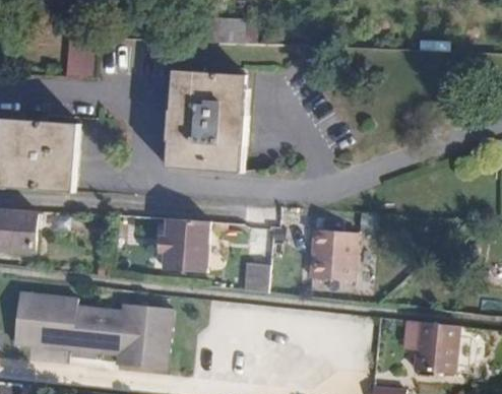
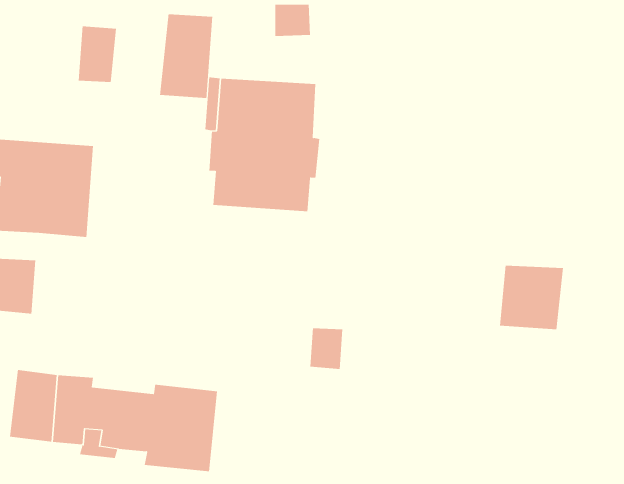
building: none -> [159,13,213,99]
building: [160,219,206,273] -> none
building: [310,231,359,279] -> [499,265,564,330]
building: [415,322,459,373] -> none

